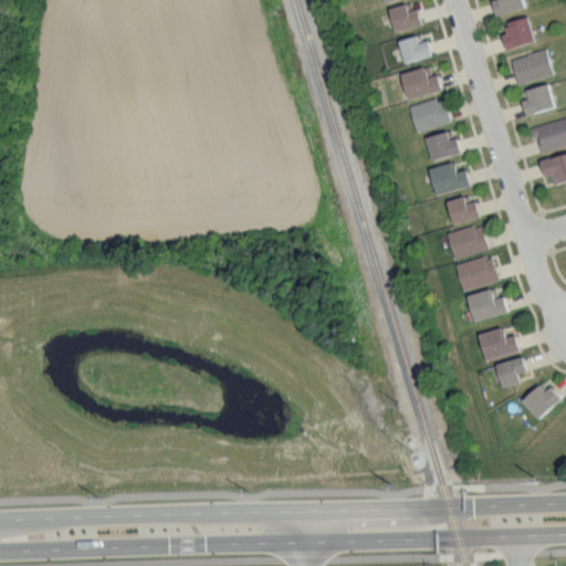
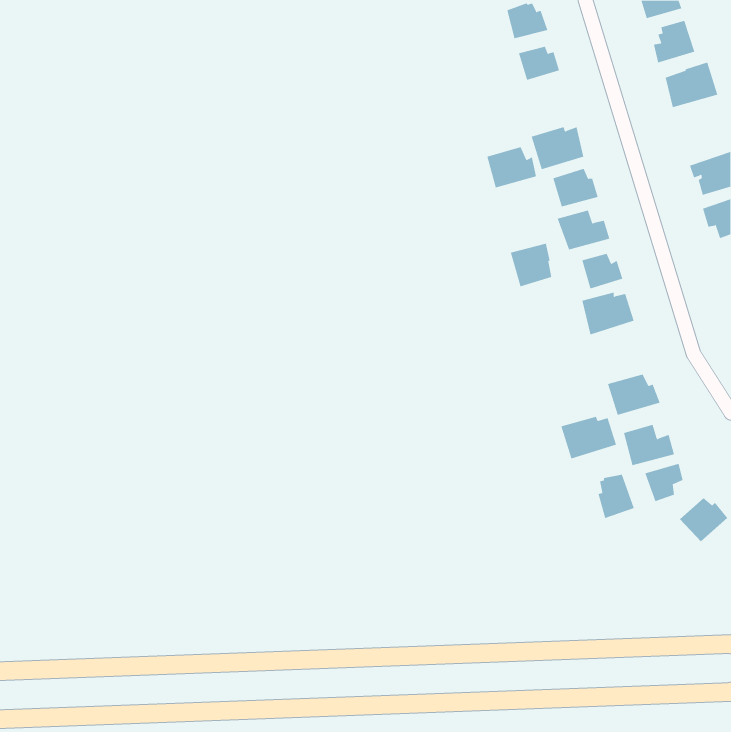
building: [401,67,440,99] -> [487,146,537,188]
building: [522,84,554,116] -> none
building: none -> [510,243,552,287]
building: [454,258,497,291] -> [561,416,617,459]
building: none -> [598,474,634,519]

